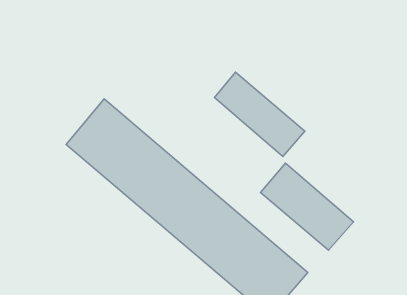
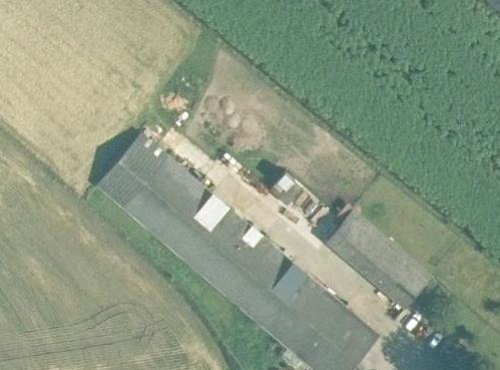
building: [215,72,305,157] -> none

